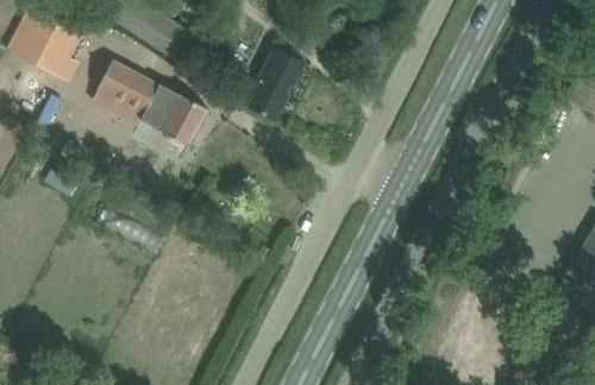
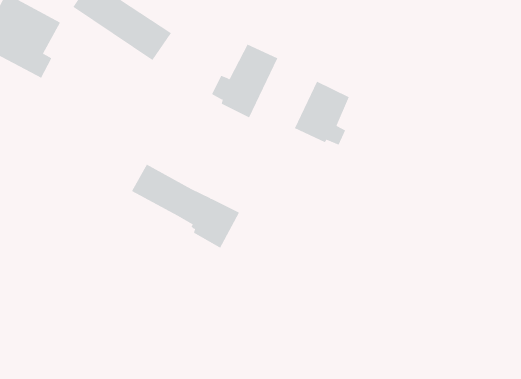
building: [99,62,207,146] -> [131,164,240,248]
building: none -> [294,81,350,146]

